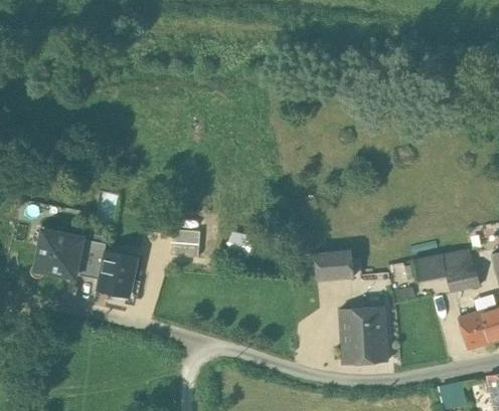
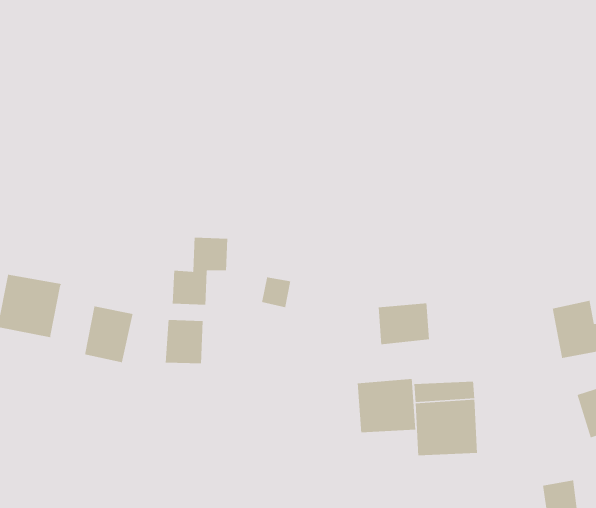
building: [75,239,107,280] -> none
building: [414,255,447,282] -> none
building: none -> [165,319,204,364]
building: none -> [357,378,416,433]

